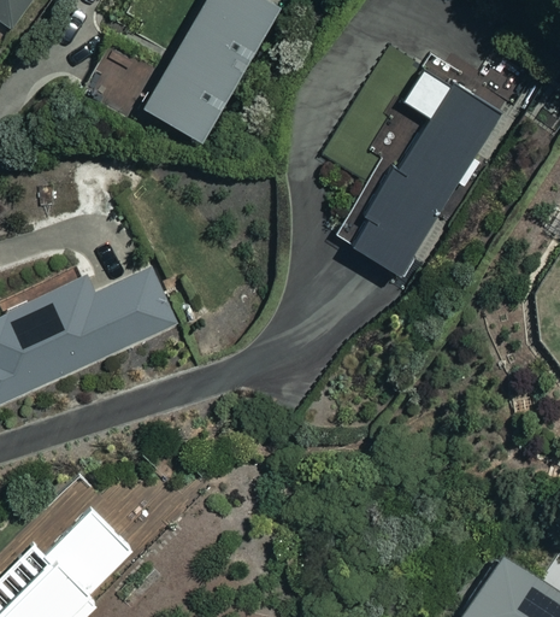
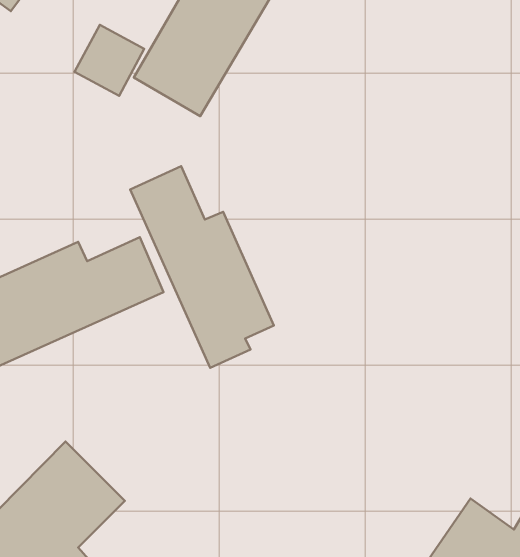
building: [340,65,500,277] -> none
building: none -> [130,166,274,368]

